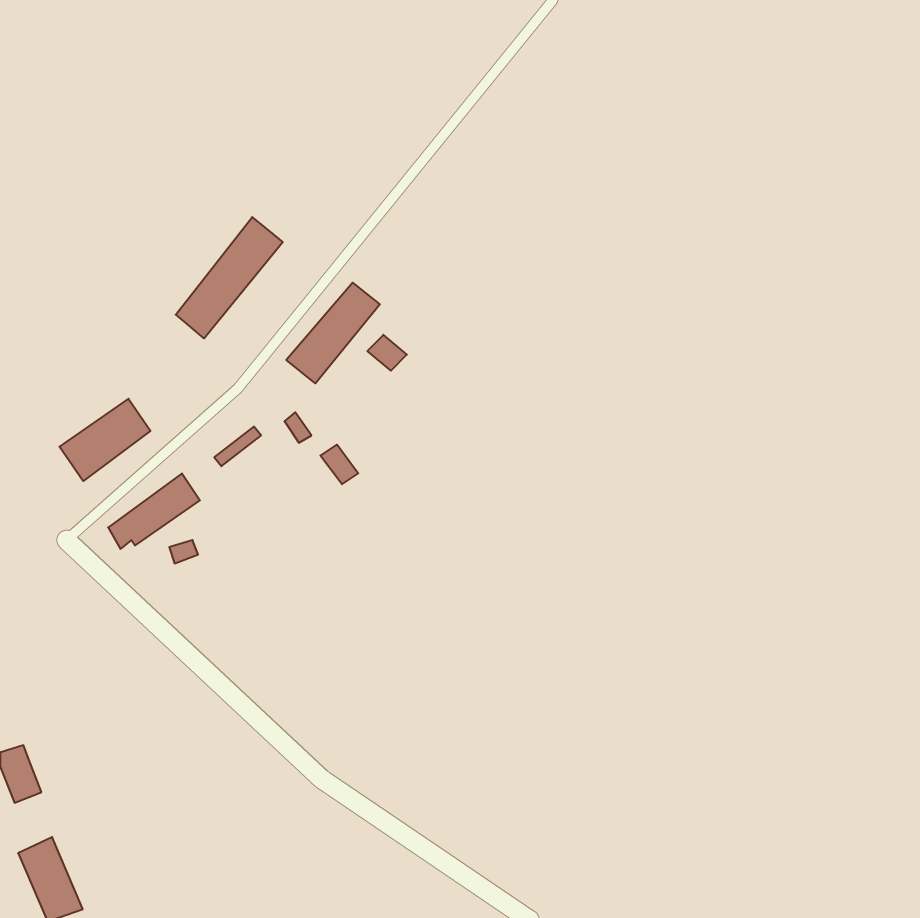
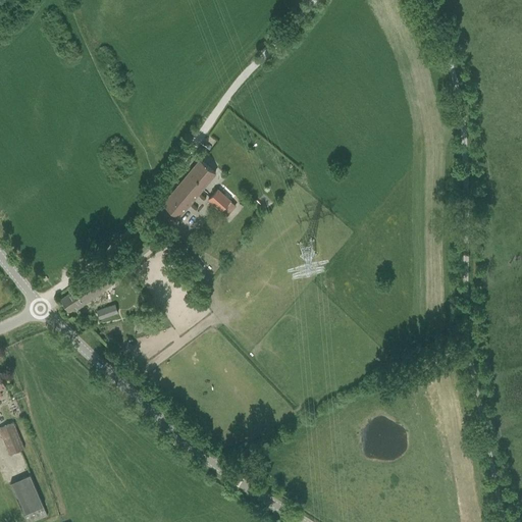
building: [176,217,283,338] -> none
building: [59,399,150,481] -> none

